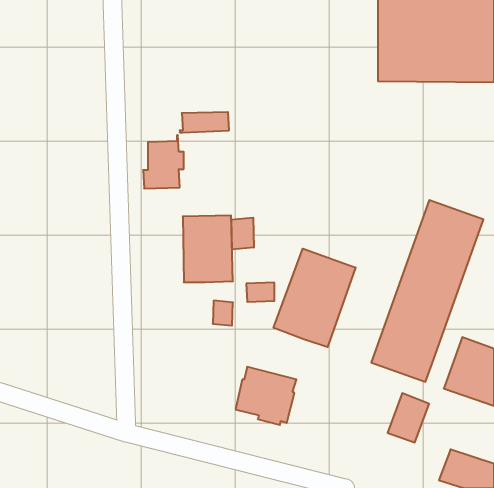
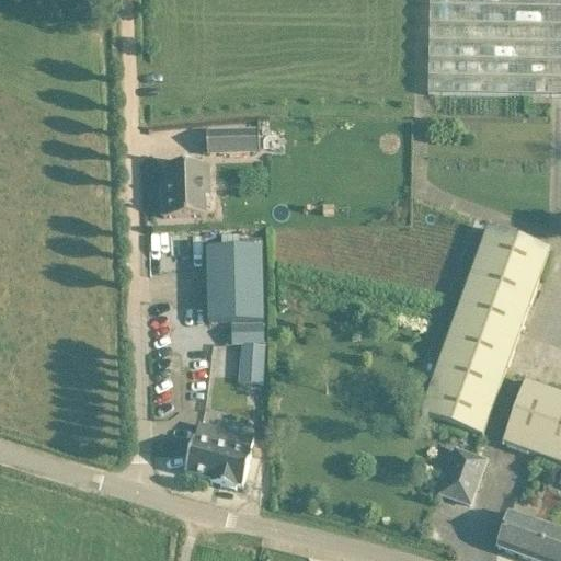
building: [231,218,254,250] -> none
building: [274,249,356,347] -> none
building: [246,283,274,302] -> [232,319,264,341]
building: [236,367,296,425] -> [185,421,254,486]

